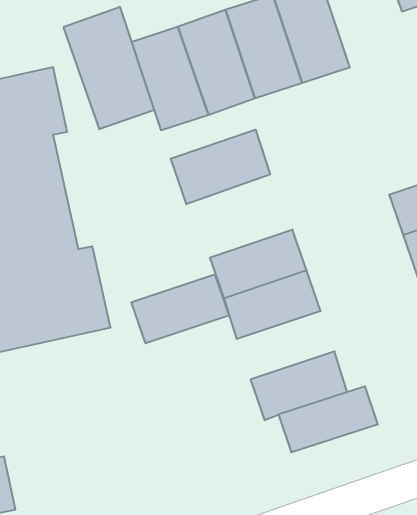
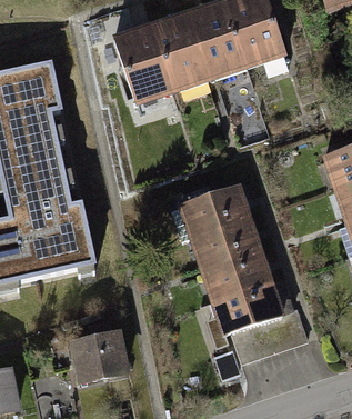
building: [64,7,154,129] -> none
building: [171,130,270,204] -> none
building: [131,275,229,343] -> [198,250,275,305]
building: none -> [70,330,132,385]

